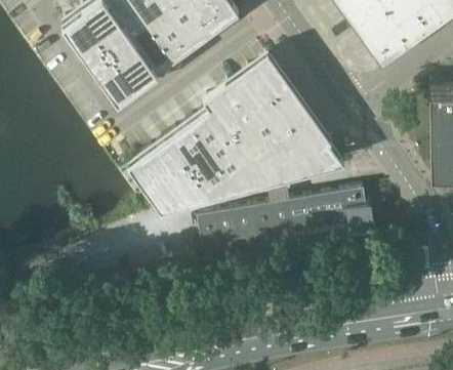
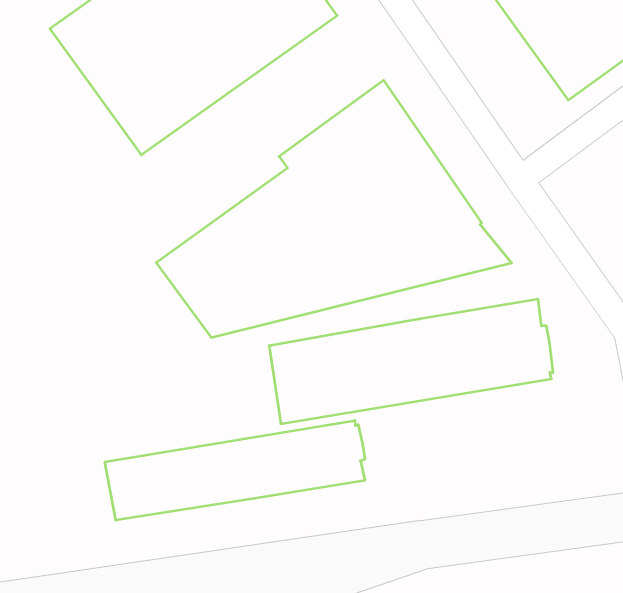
building: none -> [105,420,365,520]

